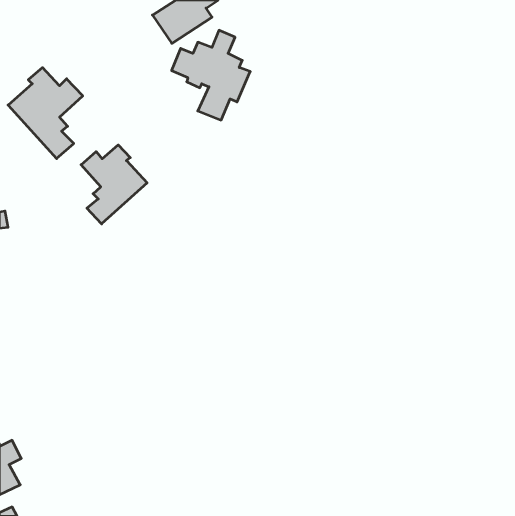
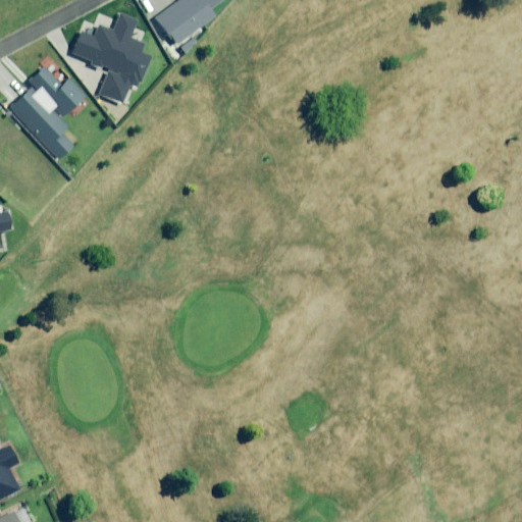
building: [172,30,250,120] -> [72,13,152,104]
building: [81,145,147,224] -> none

